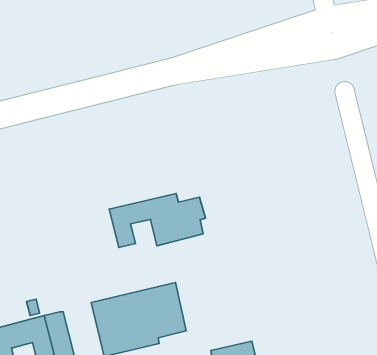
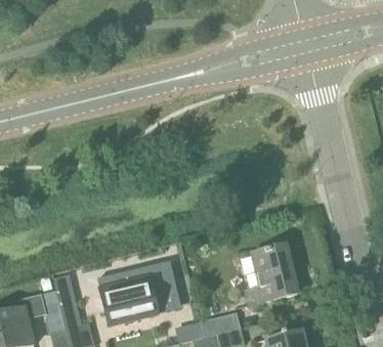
building: [109,194,206,247] -> none
building: none -> [246,245,297,304]

